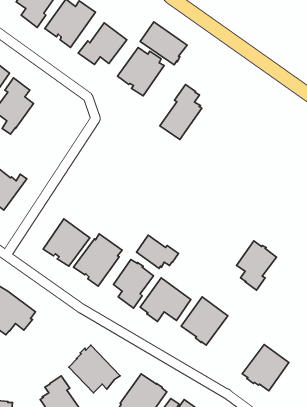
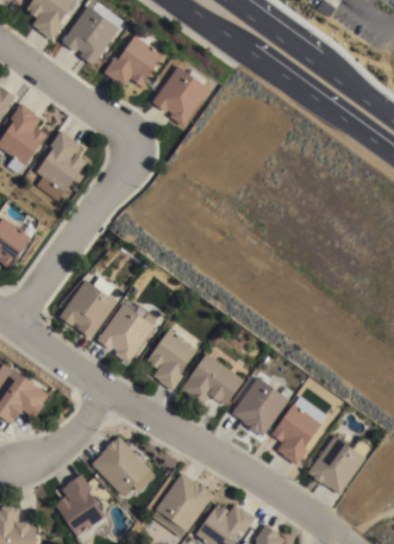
building: [140,22,187,65] -> none
building: [160,85,202,139] -> none
building: none -> [36,129,87,192]
building: [136,235,178,268] -> none
building: [237,241,277,290] -> [271,404,321,465]

